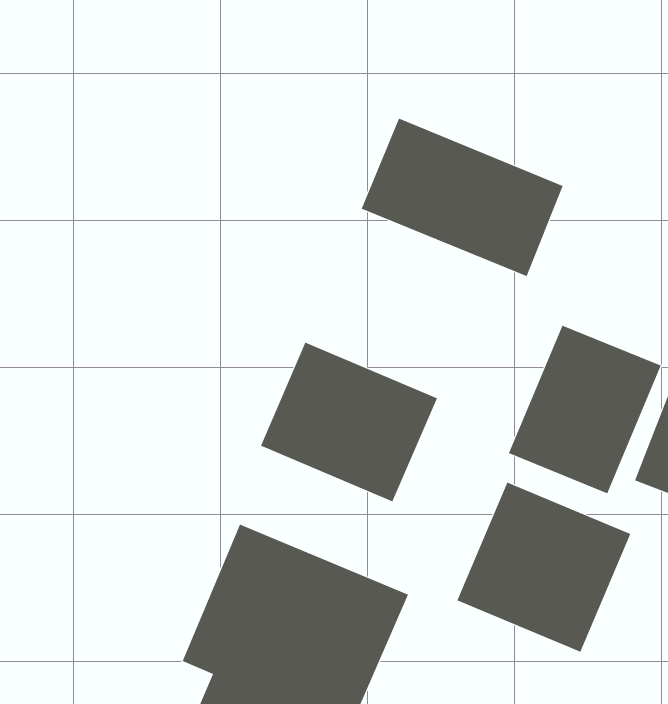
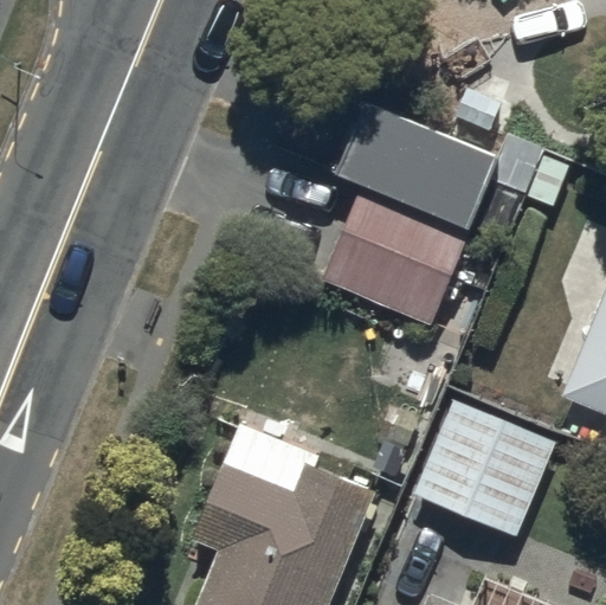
building: [508,325,662,494] -> none
building: [260,342,438,502] -> [321,197,466,328]

